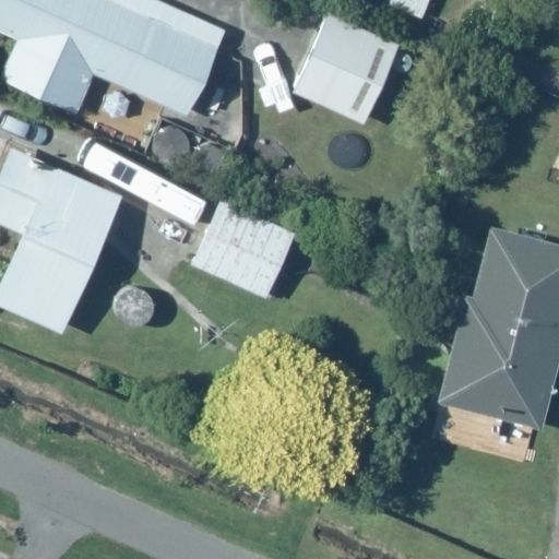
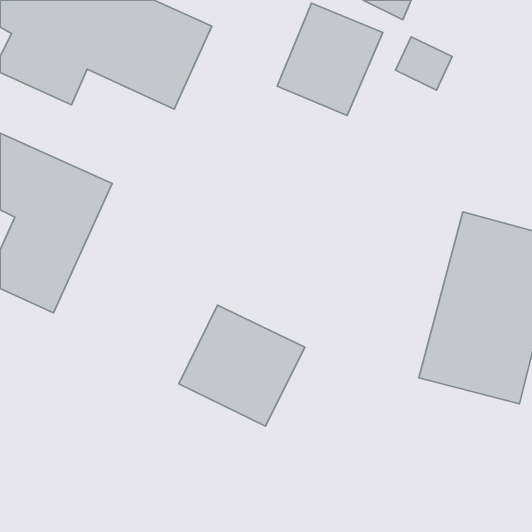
building: [192,194,301,299] -> none
building: none -> [179,305,305,426]

